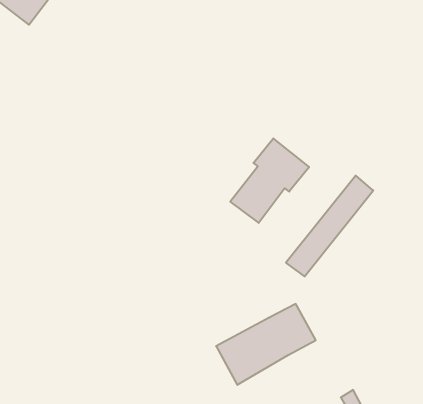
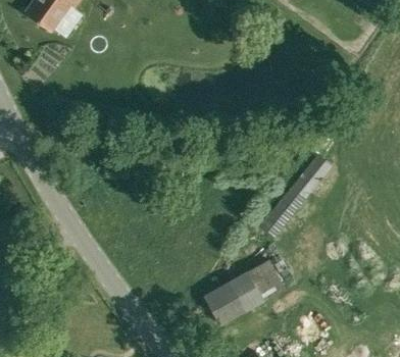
building: [230,138,309,223] -> none

